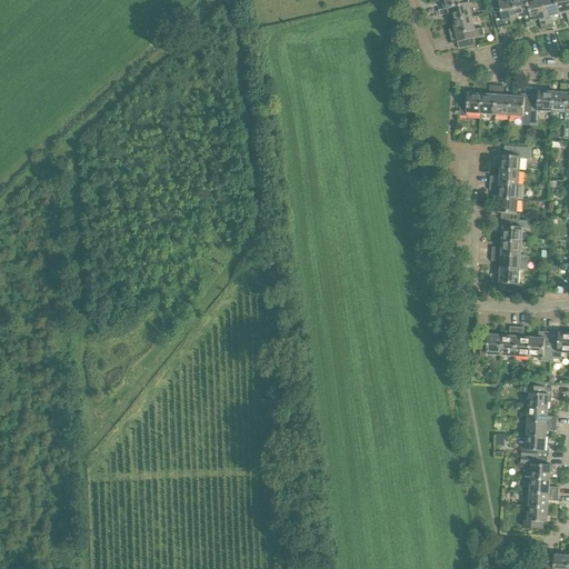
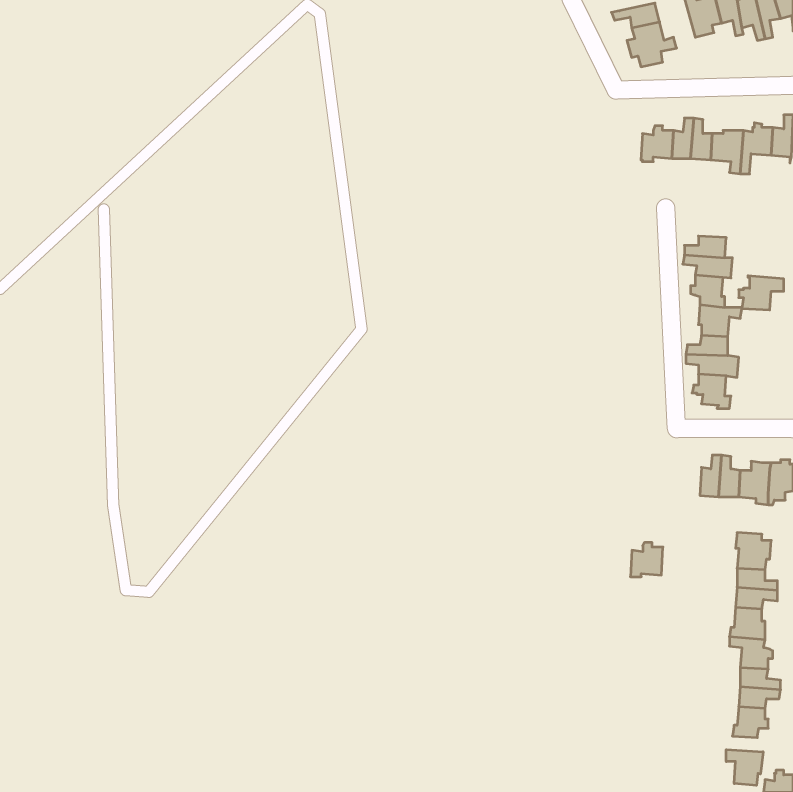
building: [498,146,530,170] -> [739,276,784,310]
building: [479,331,502,356] -> [630,543,663,577]
building: none -> [726,750,763,785]

